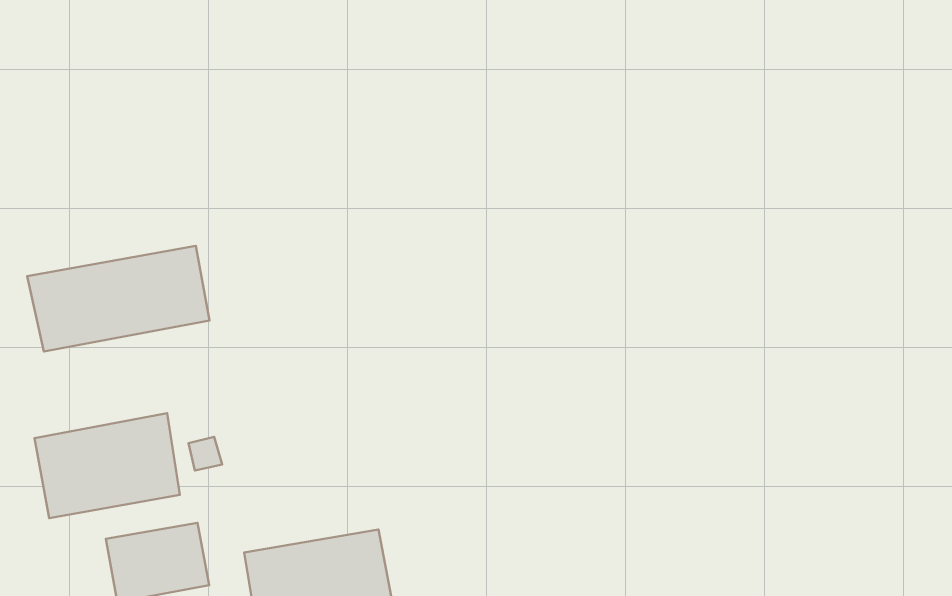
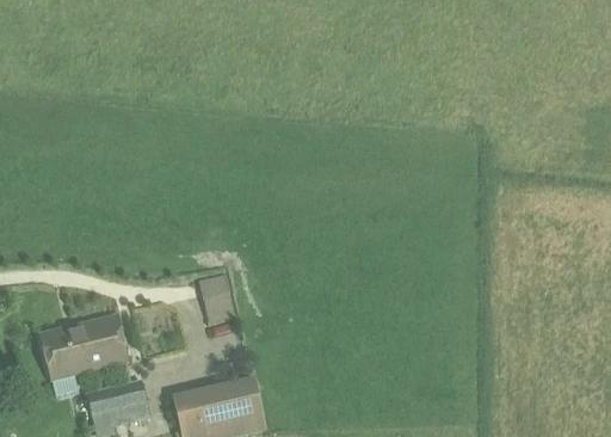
building: [27,246,209,351] -> none
building: none -> [199,273,233,319]

